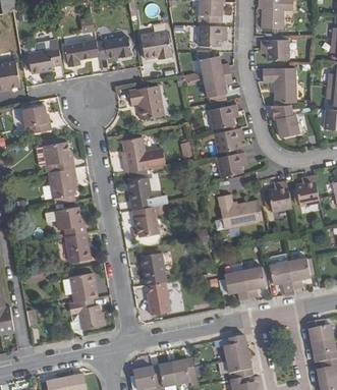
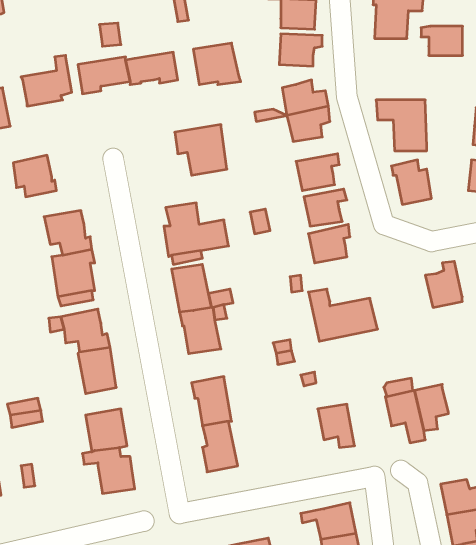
building: [261,40,288,59] -> [421,26,463,55]
building: [267,180,291,212] -> none
building: [242,266,265,297] -> none

